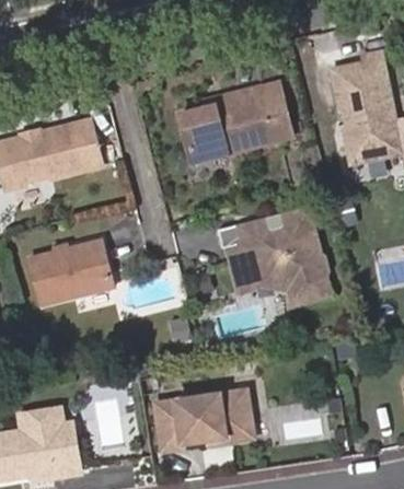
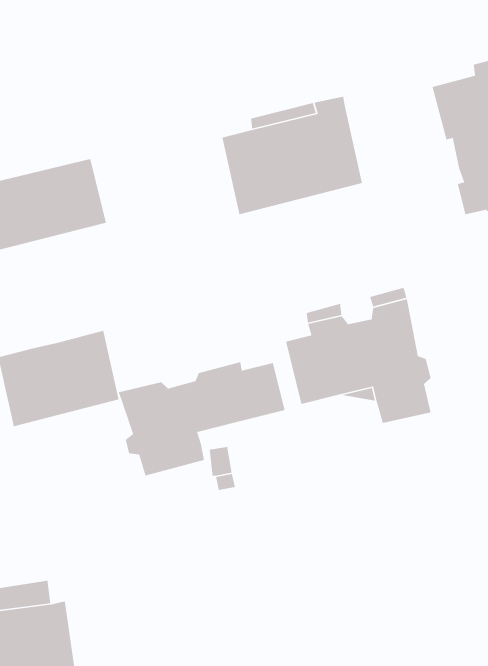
building: none -> [118,361,286,476]
building: [155,392,254,452] -> none

